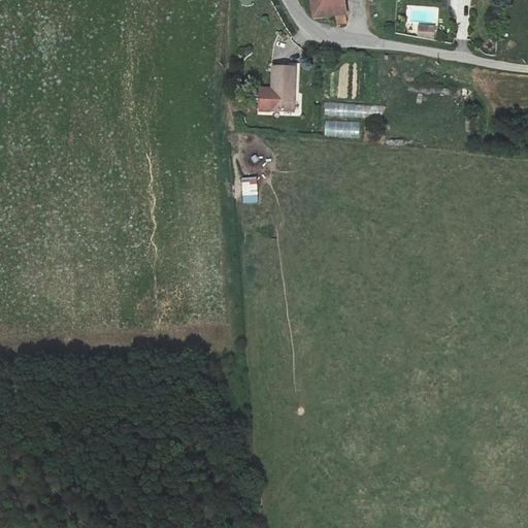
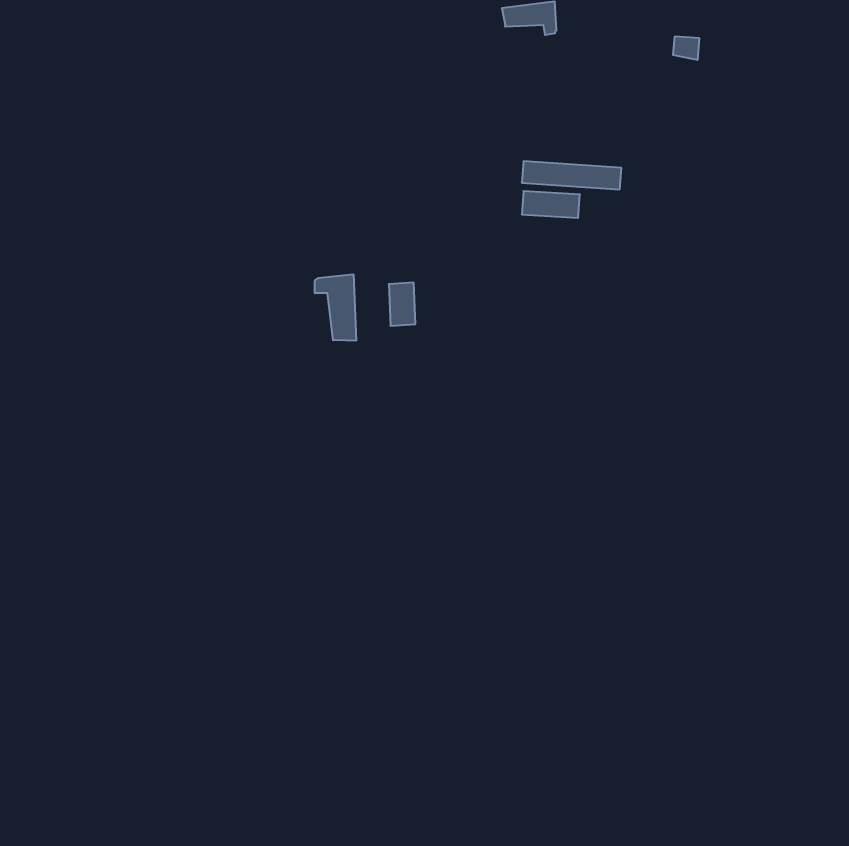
building: [259,64,296,108] -> none
building: none -> [315,274,356,341]

